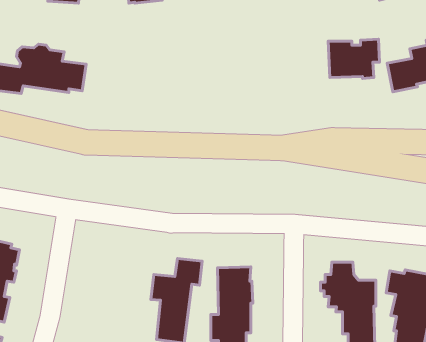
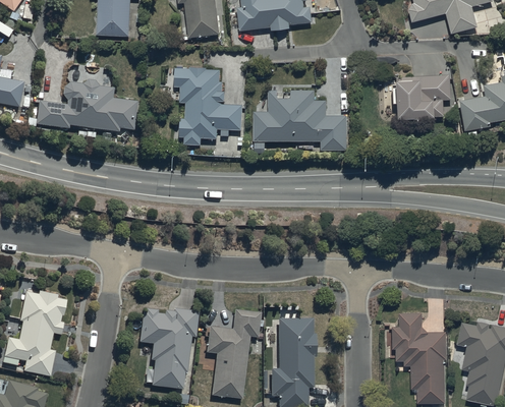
building: none -> [174,65,242,144]
building: none -> [252,90,346,150]
building: none -> [137,306,199,388]

